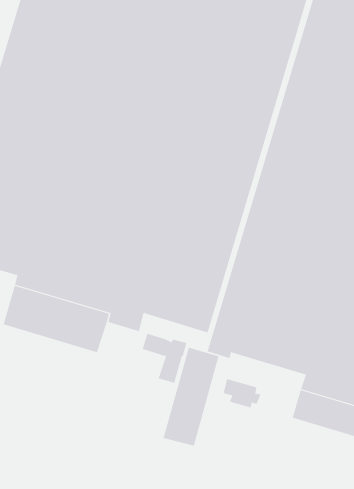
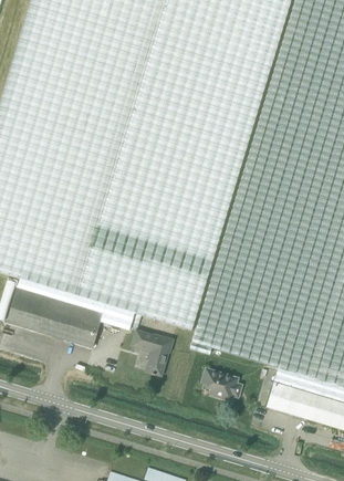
building: [163,347,219,446] -> none

